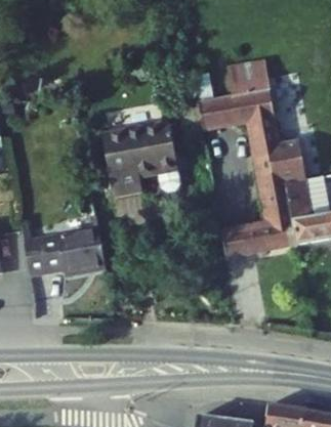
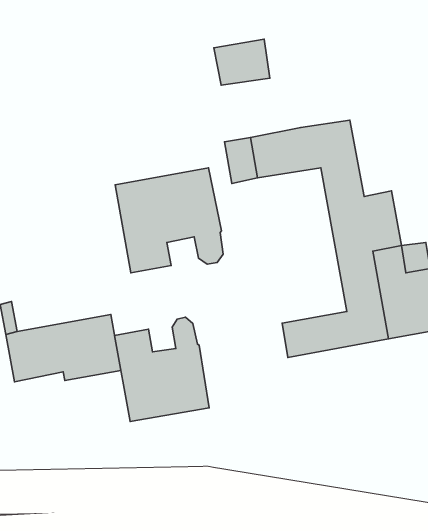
building: [229,61,268,94] -> [214,39,270,85]
building: none -> [115,317,209,422]

